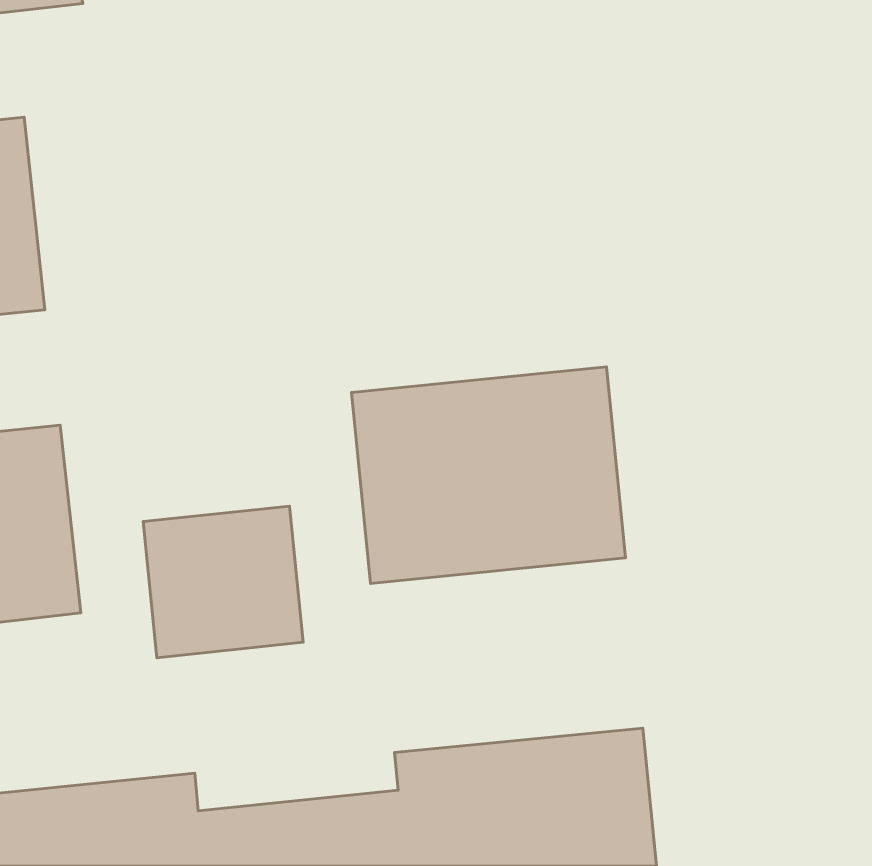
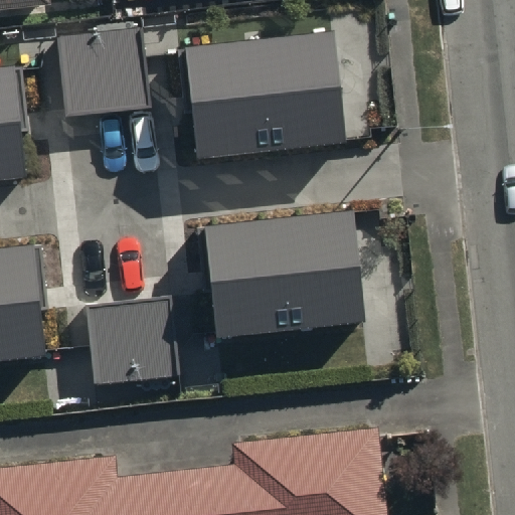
building: none -> [54,26,150,116]
building: none -> [185,35,345,164]

